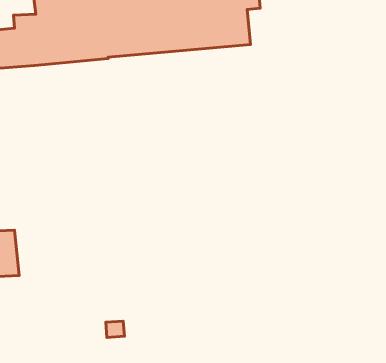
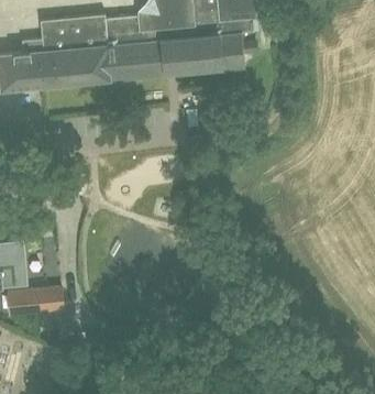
building: none -> [21,287,63,313]

